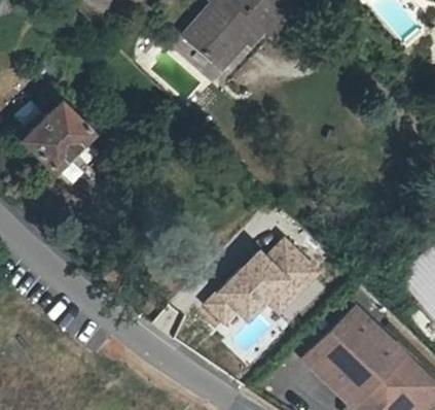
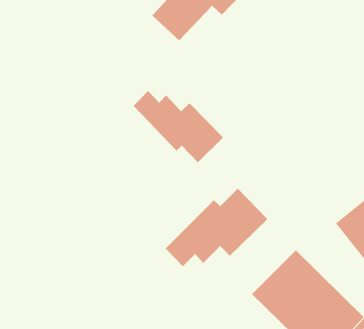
building: [21,104,106,189] -> none
building: none -> [133,90,224,163]

